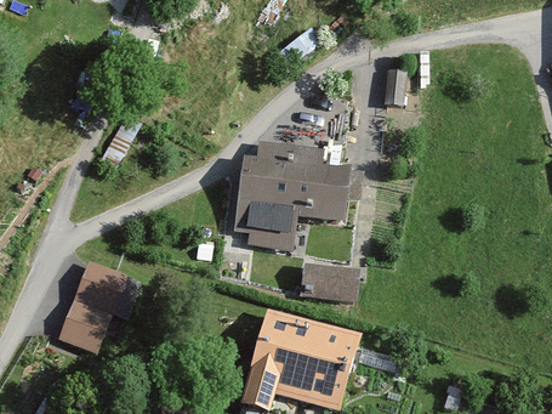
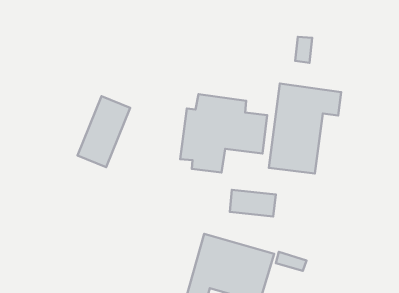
building: none -> [269,84,341,174]
building: [59,261,126,351] -> [78,96,130,167]

